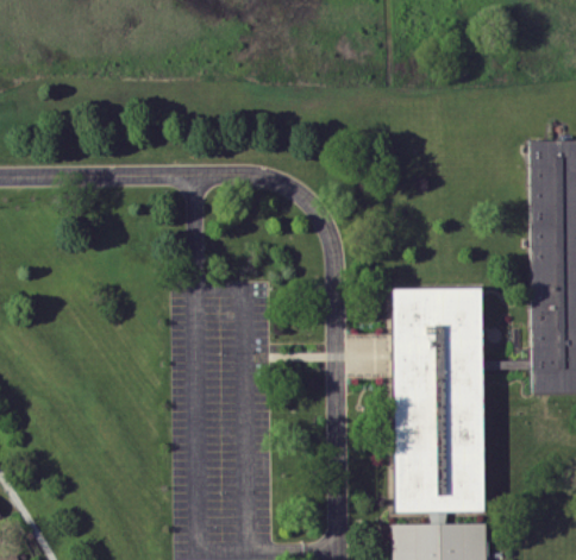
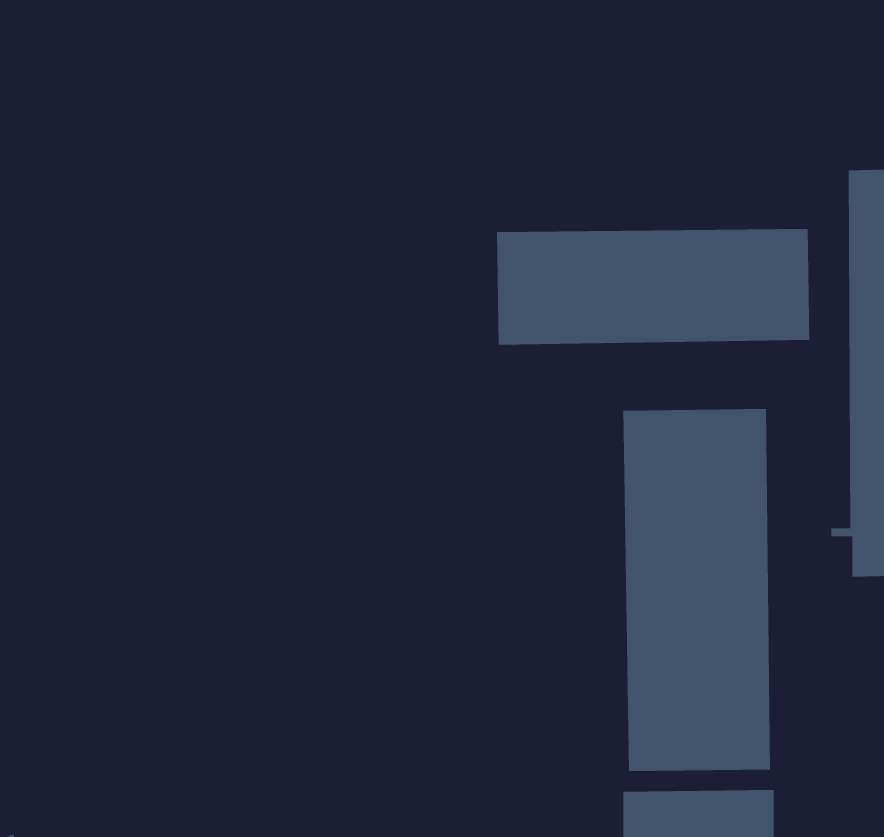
building: none -> [496,228,810,345]

